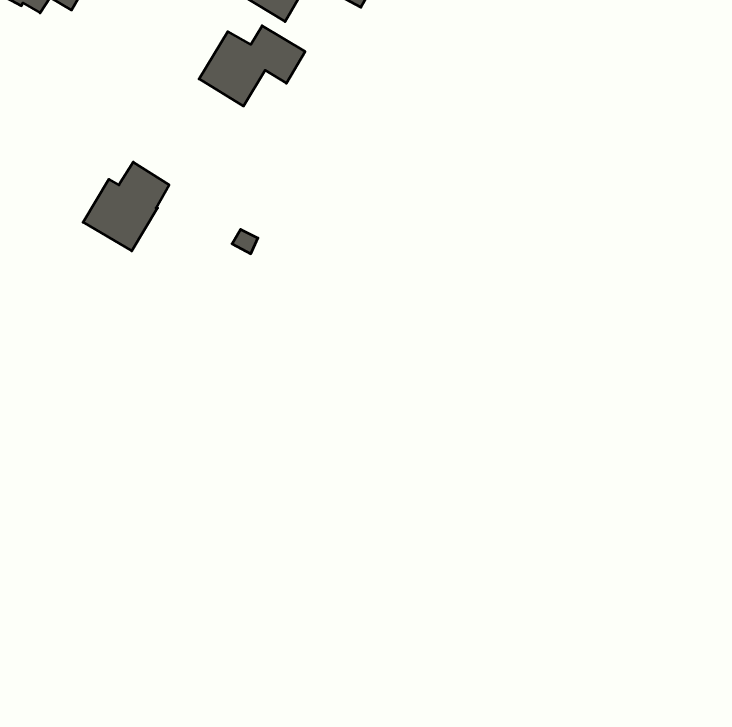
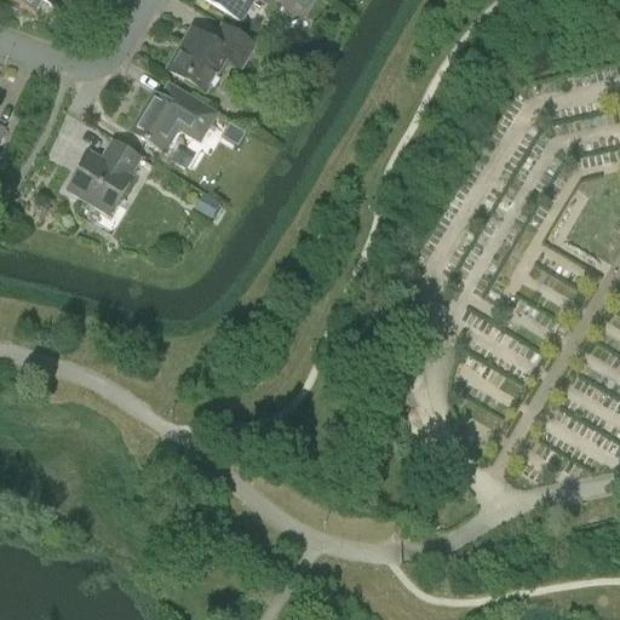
building: none -> [131,90,216,149]

